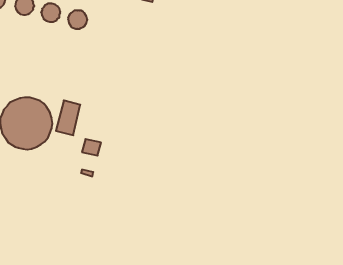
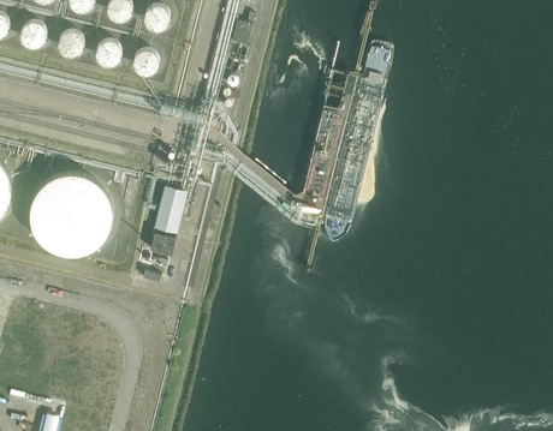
building: [56,100,80,135] -> [153,186,186,234]

